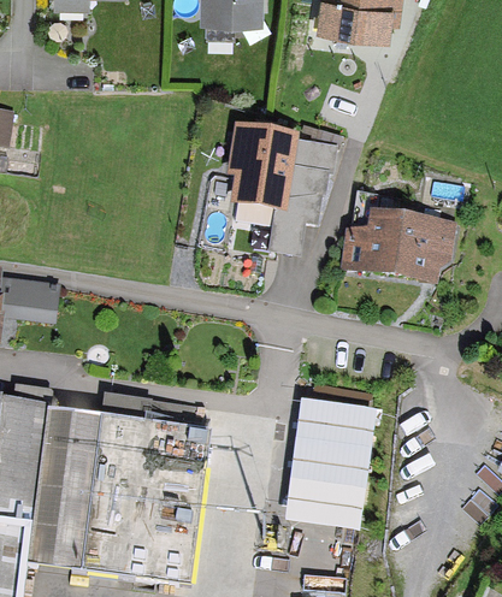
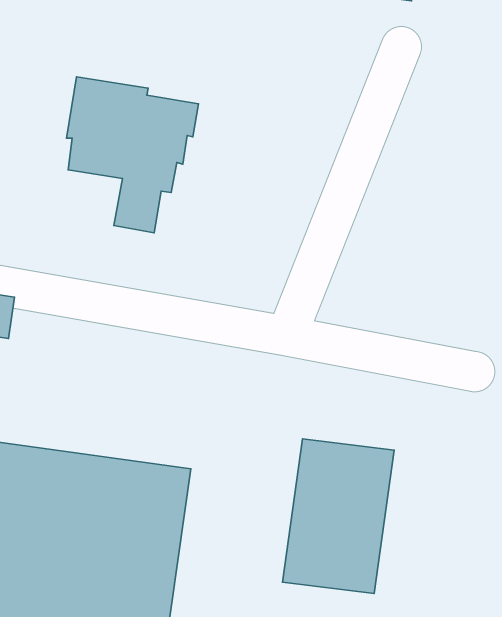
building: [229,123,339,254] -> [67,77,198,233]
building: [343,191,460,278] -> none

